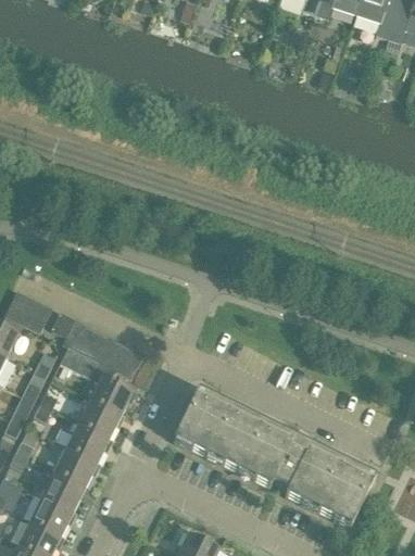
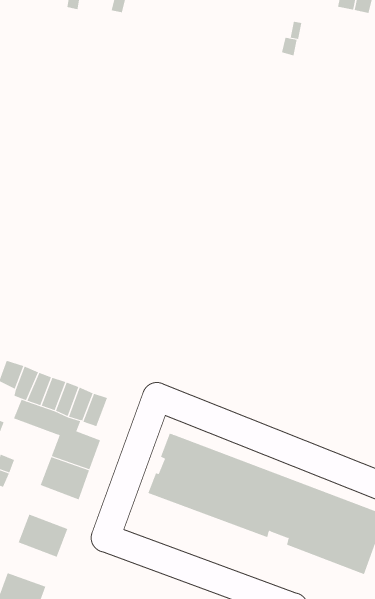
building: [65,422,110,463] -> none
building: [41,470,86,510] -> none

